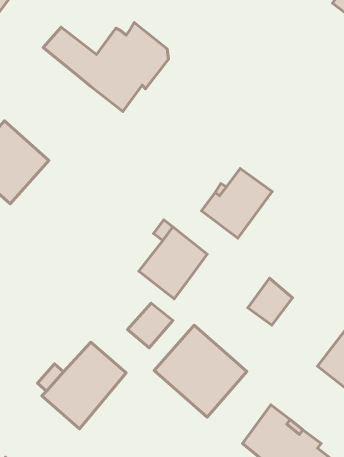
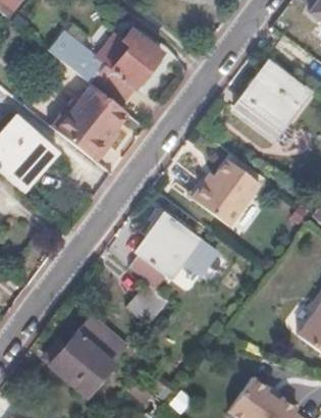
building: none -> [235,63,306,137]
building: none -> [56,86,129,159]
building: [248,278,292,325] -> [177,236,217,277]
building: [154,325,247,417] -> none

